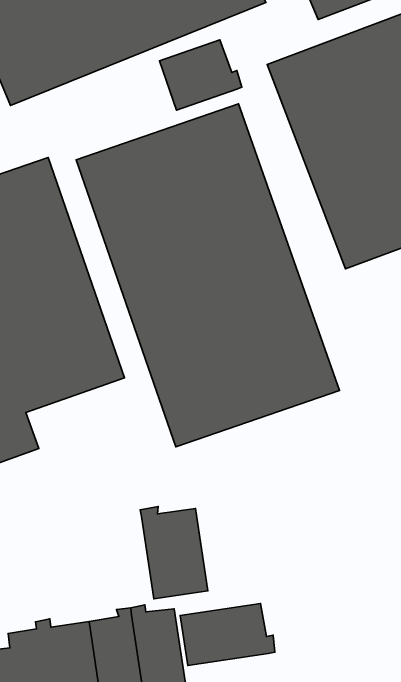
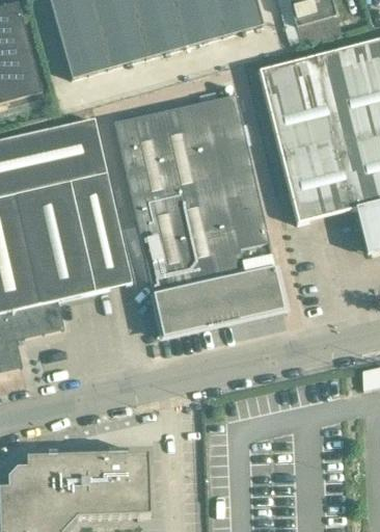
building: [159,40,242,110] -> none
building: [140,507,208,599] -> none
building: [180,603,275,666] -> none

